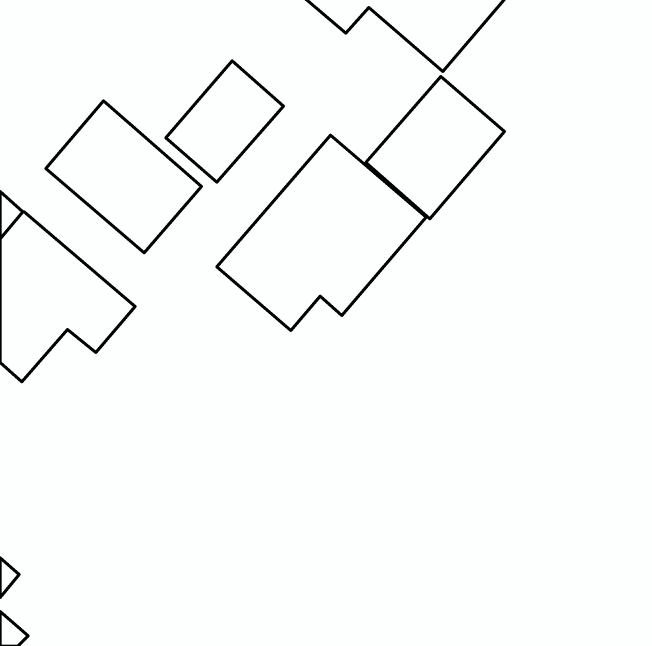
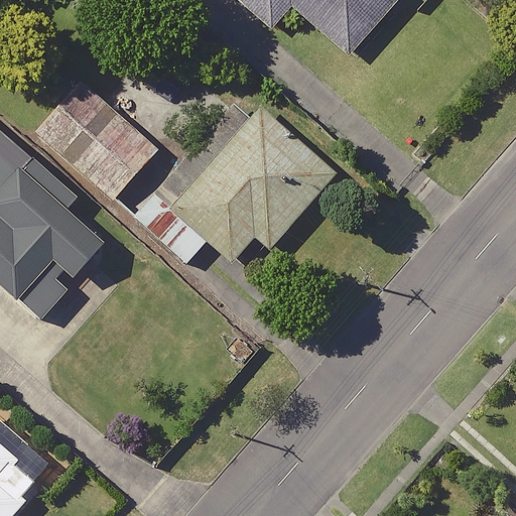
building: [166,61,283,182] -> none
building: [366,77,504,219] -> none

